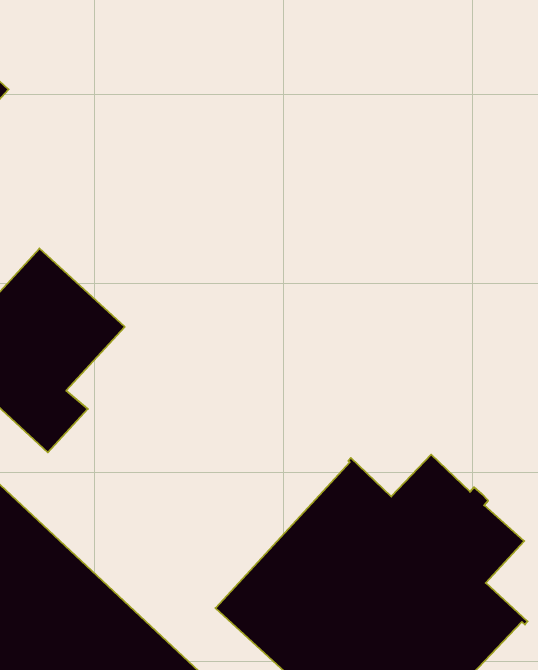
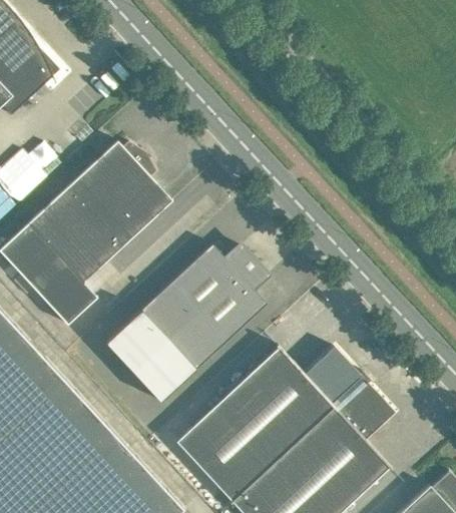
building: none -> [72,141,172,241]
building: none -> [106,244,268,402]

